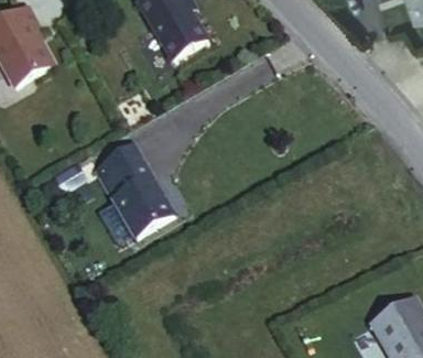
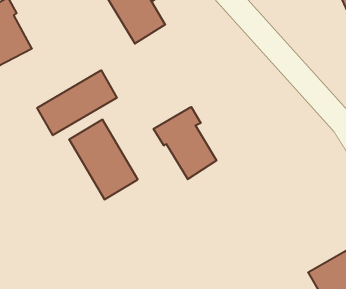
building: none -> [37,70,117,135]
building: none -> [154,107,216,179]

